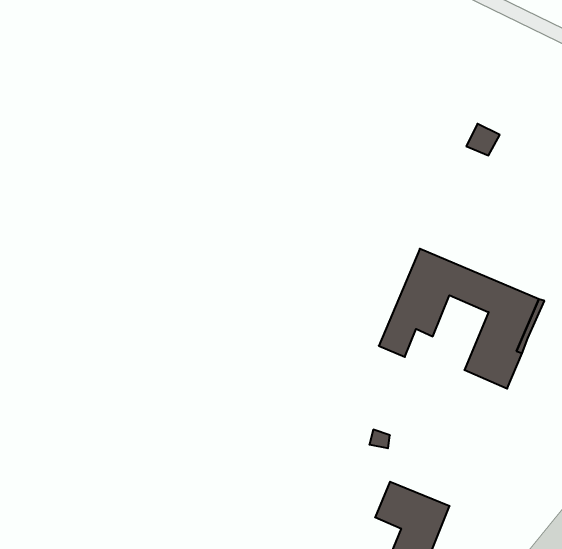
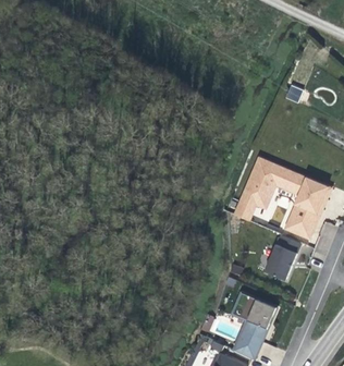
building: none -> [266,233,302,280]

